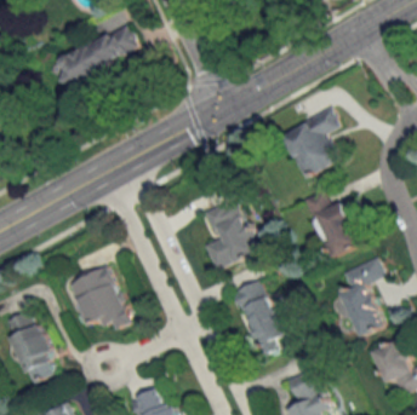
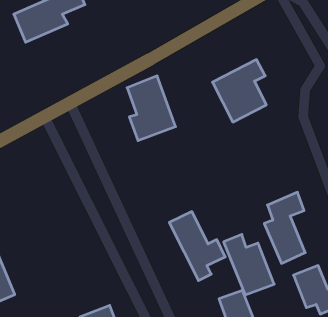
building: [303,191,360,259] -> [224,234,274,295]
building: [202,198,257,271] -> [127,76,176,141]
building: [65,266,131,330] -> none

